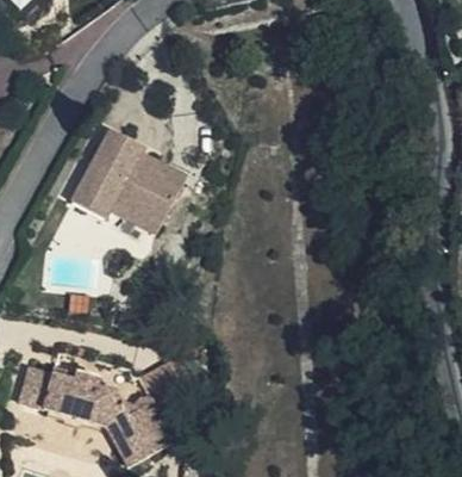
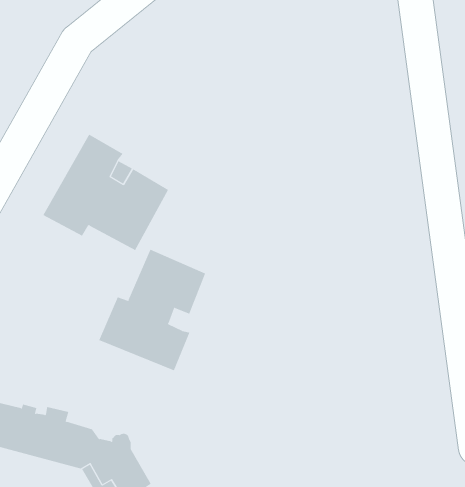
building: none -> [98,249,206,371]

